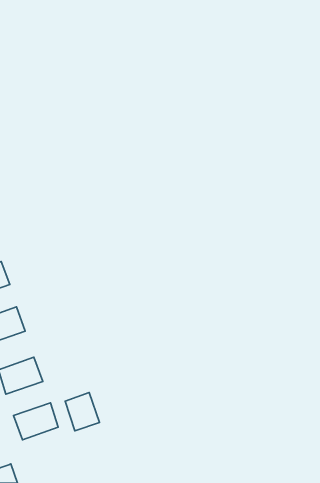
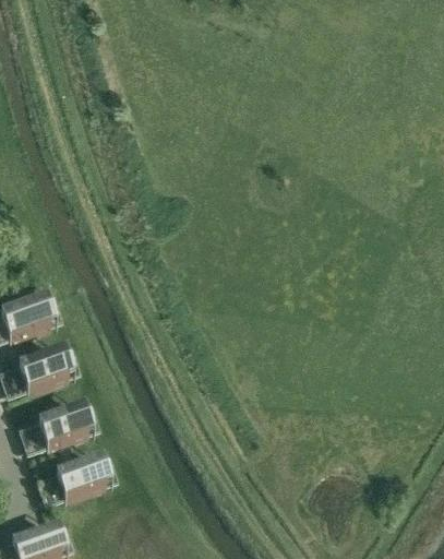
building: [65,392,100,431] -> none

